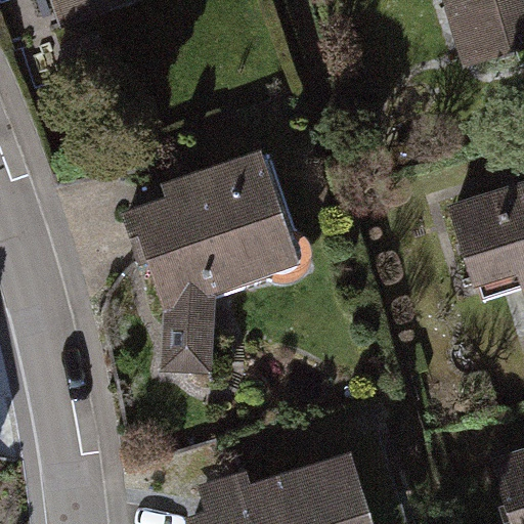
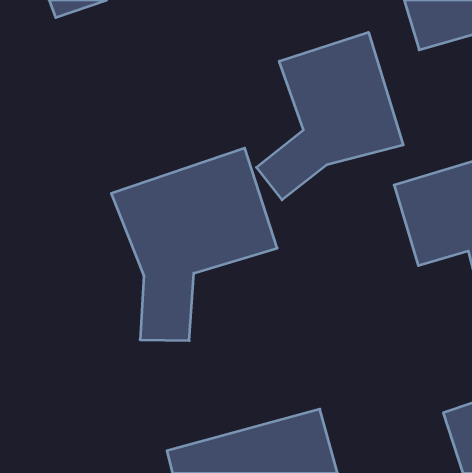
building: none -> [256,32,403,200]

